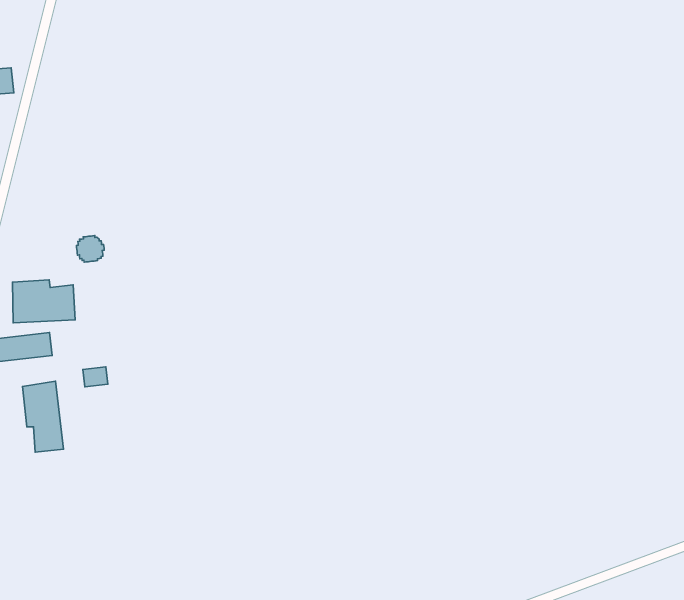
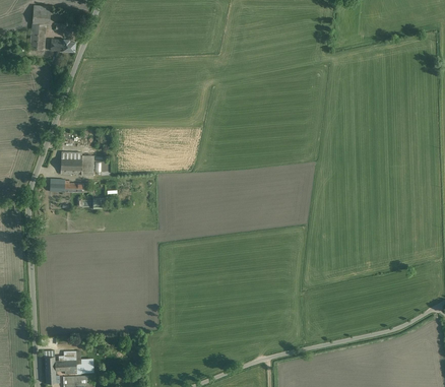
building: [23,381,63,452] -> none

